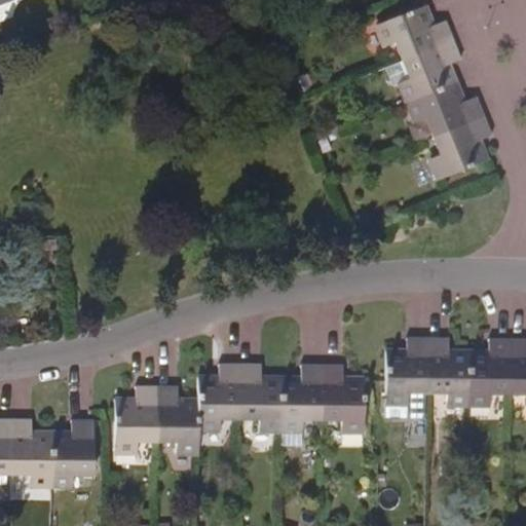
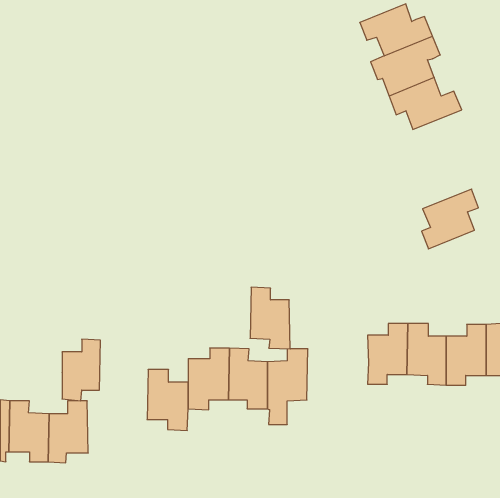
building: [433,115,492,178] -> [422,189,478,249]
building: [323,366,365,430] -> [250,287,290,349]
building: [116,386,156,451] -> [62,339,100,401]

